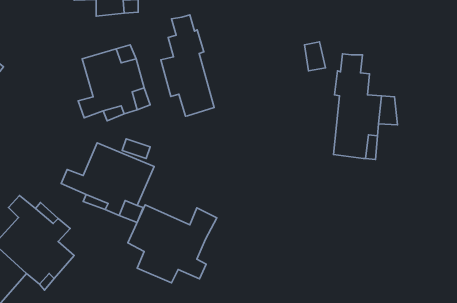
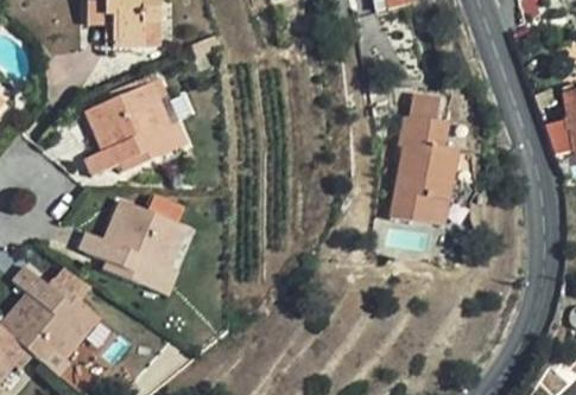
building: [161,15,214,116] -> none
building: [128,205,217,283] -> none

